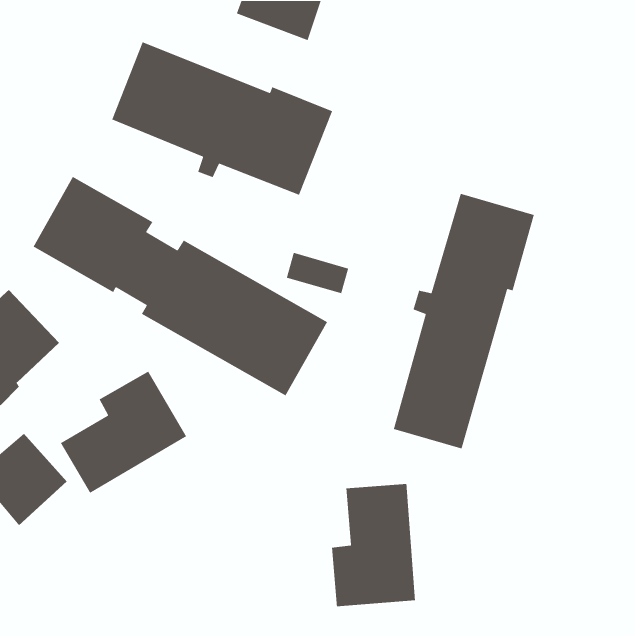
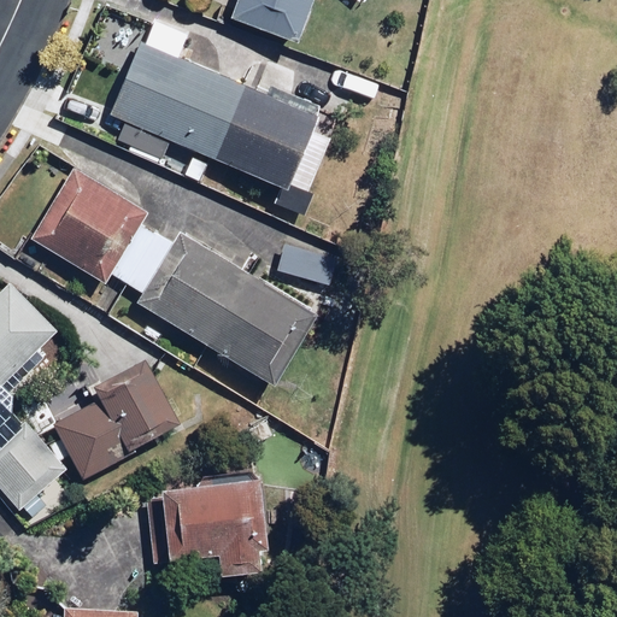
building: [393,193,535,449] -> none
building: [331,483,416,607] -> none
building: none -> [147,481,269,575]

